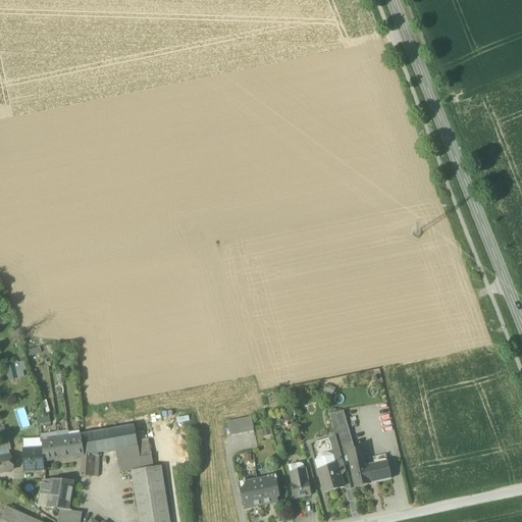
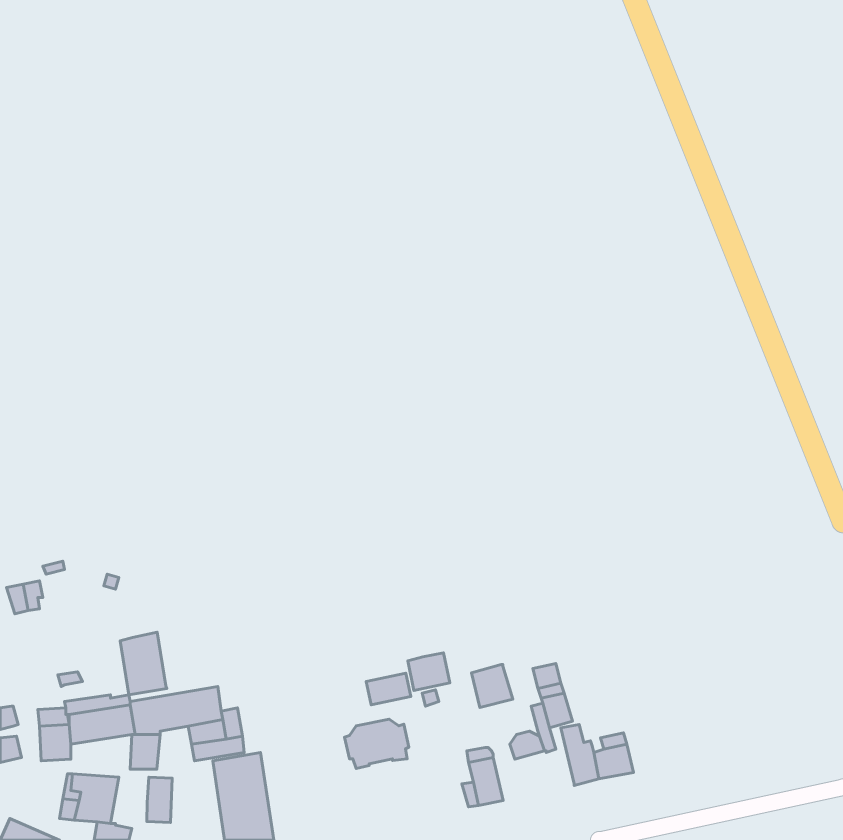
building: none -> [120,632,167,695]
building: none -> [408,653,450,691]
building: [318,464,344,490] -> [472,665,513,708]
building: [240,477,279,508] -> [345,719,409,769]
building: none -> [147,777,172,823]

